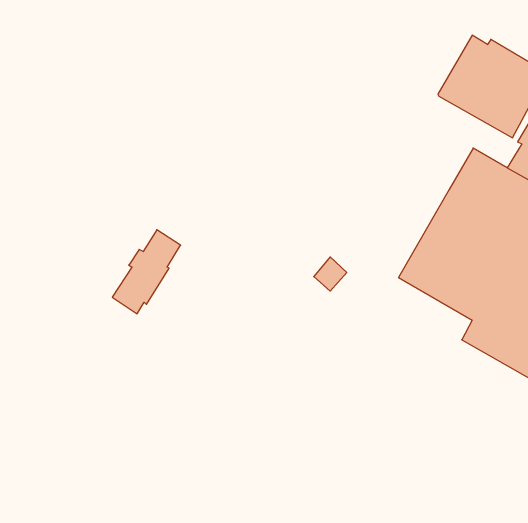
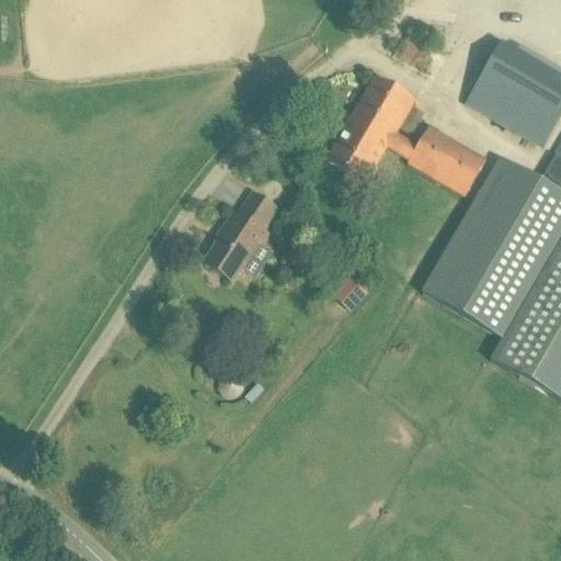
building: none -> [325,73,485,193]
building: [112,230,181,314] -> [205,190,277,278]

